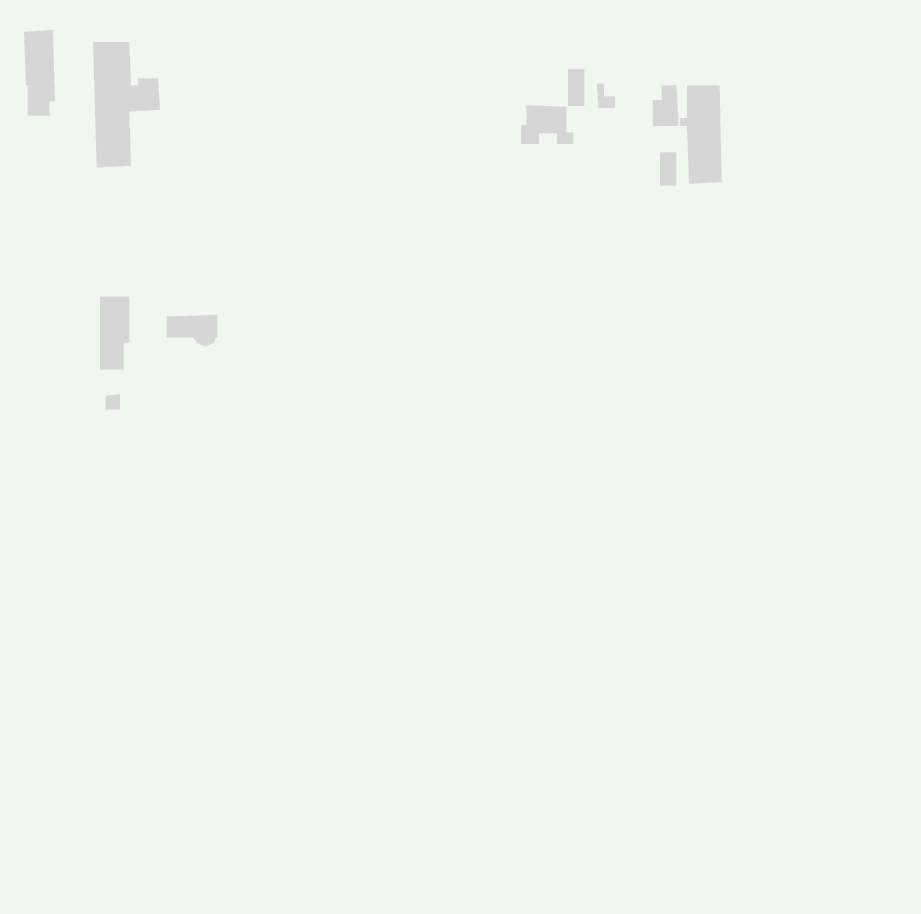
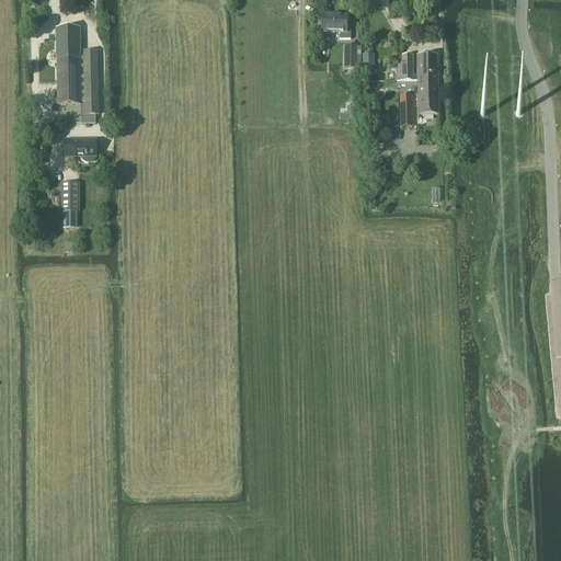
building: [23,30,56,116] -> [80,67,100,119]
building: [520,105,574,145] -> [318,11,351,35]
building: [166,315,218,347] -> [65,137,96,157]

